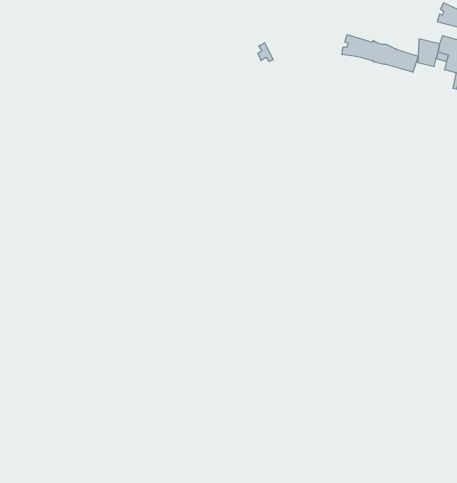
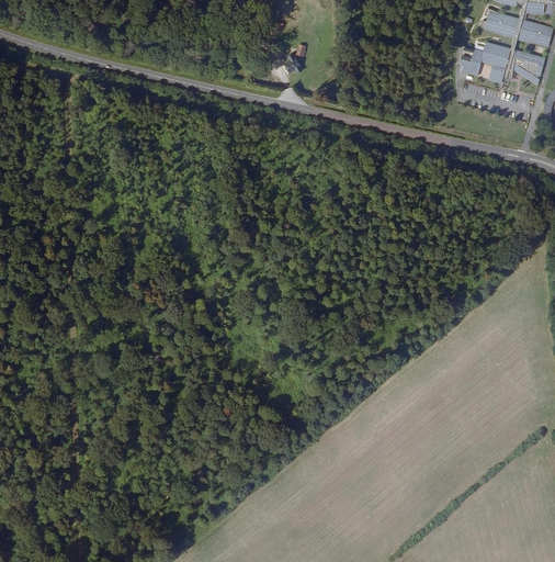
building: [342,35,418,72] -> none

